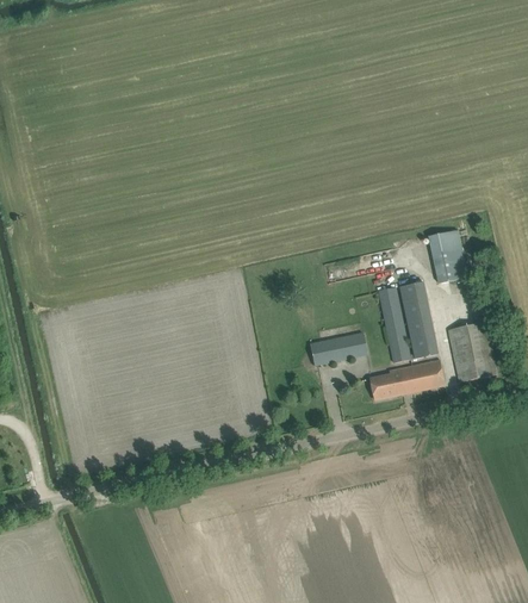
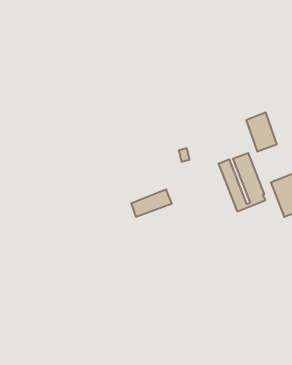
building: [309,331,367,363] -> [131,189,172,217]
building: [369,359,445,399] -> none

